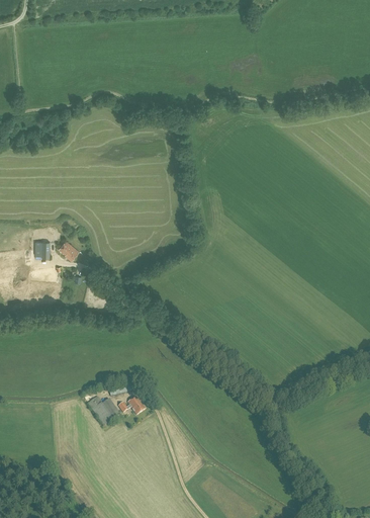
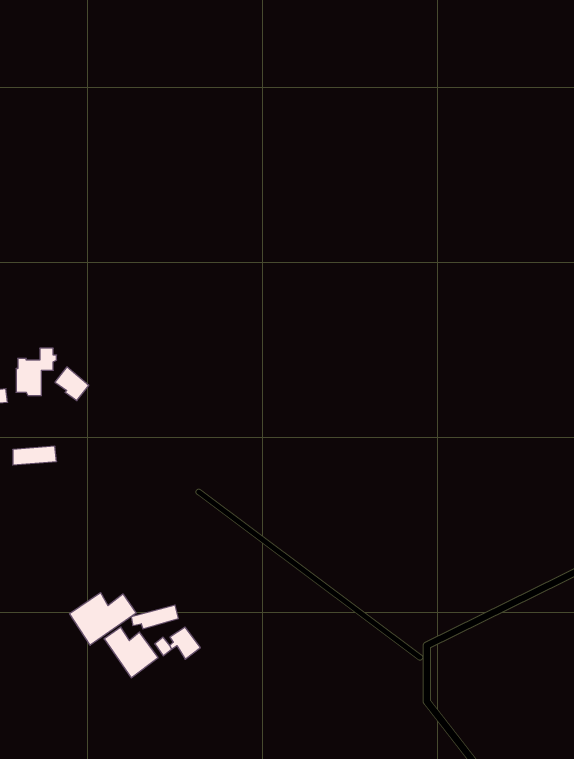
building: none -> [70,593,136,645]

